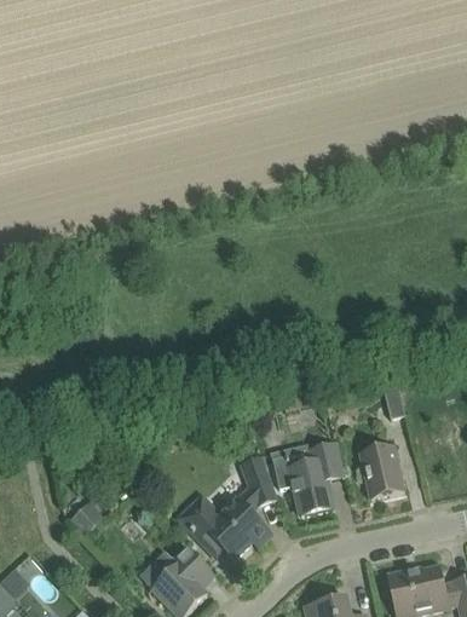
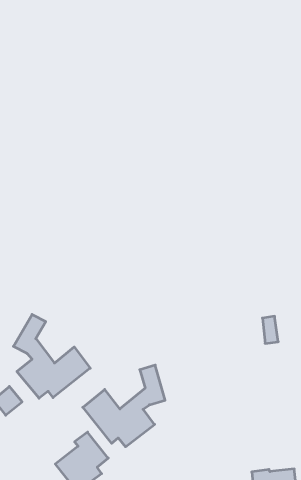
building: none -> [13,314,90,398]
building: [272,442,344,514] -> none
building: [359,443,404,497] -> none

